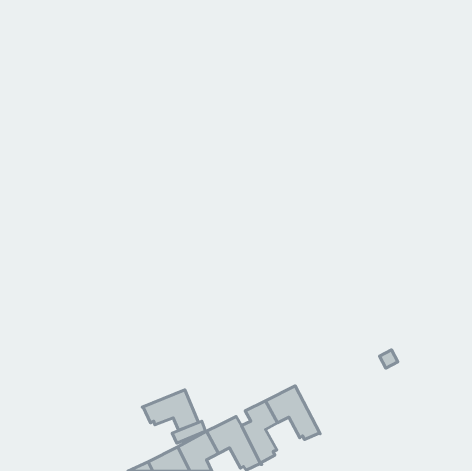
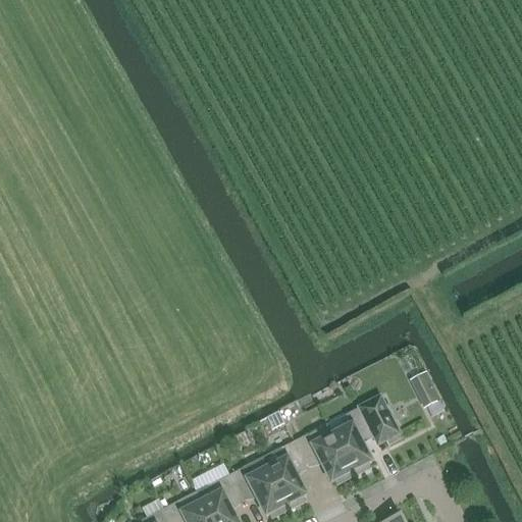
building: none -> [331,398,400,478]
building: [142,390,198,430] -> none

